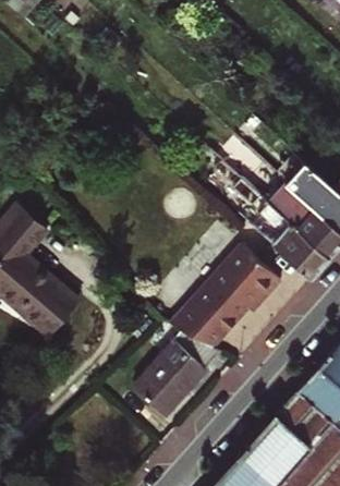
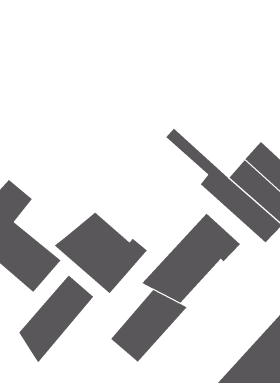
building: none -> [54,211,148,294]
building: none -> [19,275,94,363]

